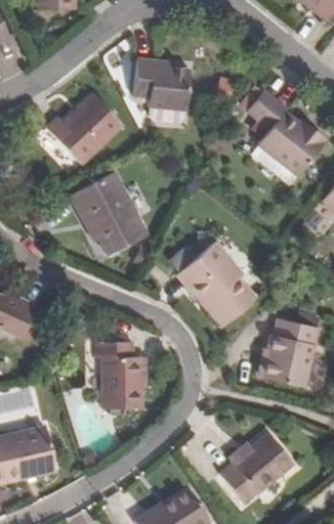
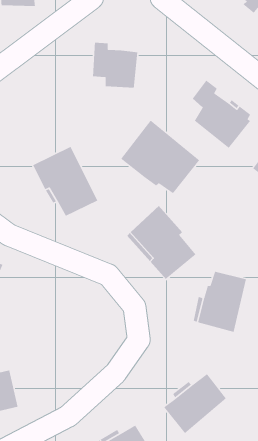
building: [44,92,121,164] -> none
building: none -> [120,119,200,194]
building: [94,340,142,405] -> none

